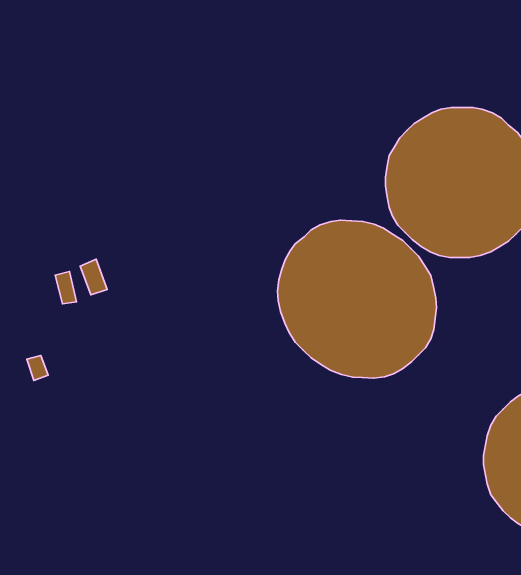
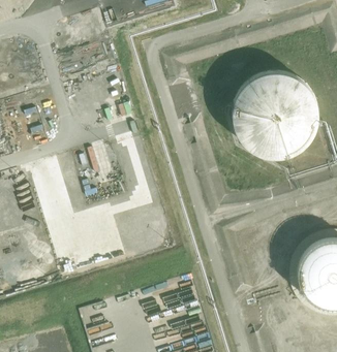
building: [278,220,436,378] -> none

